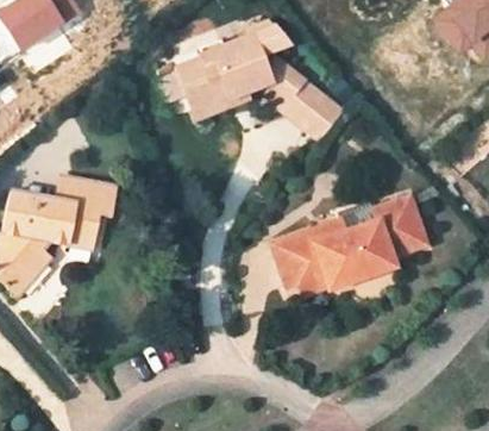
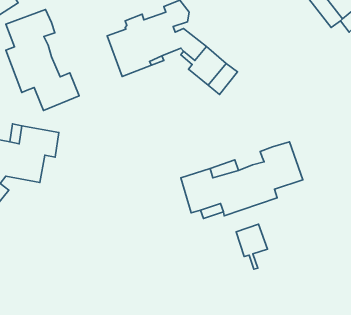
building: none -> [6,10,79,110]
building: none -> [236,224,268,269]

